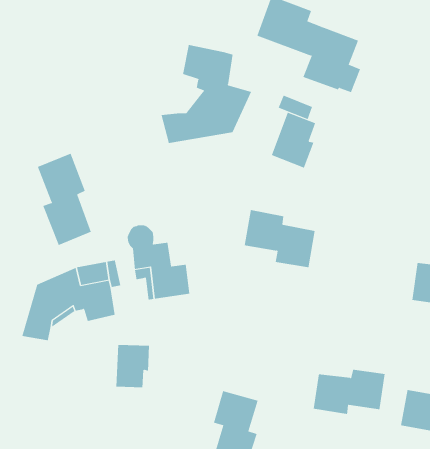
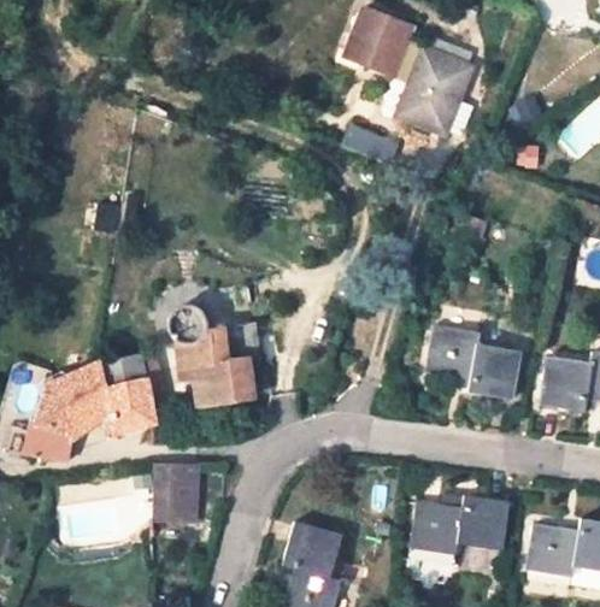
building: [161,44,252,144] -> none
building: [271,112,316,168] -> none
building: [37,153,91,246] -> none
building: [244,210,316,268] -> [427,323,520,399]

